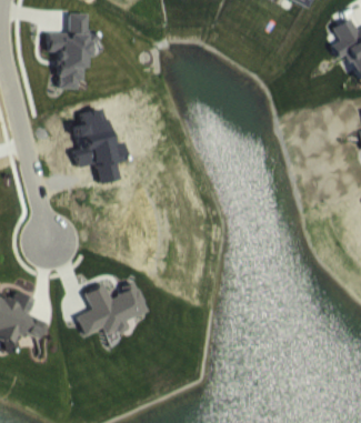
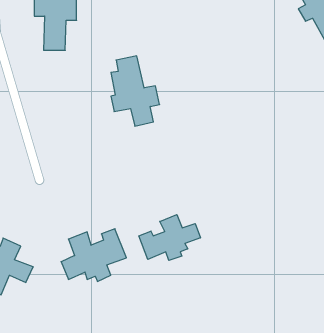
building: [73,107,126,182] -> [111,56,160,126]
building: none -> [139,215,200,260]

